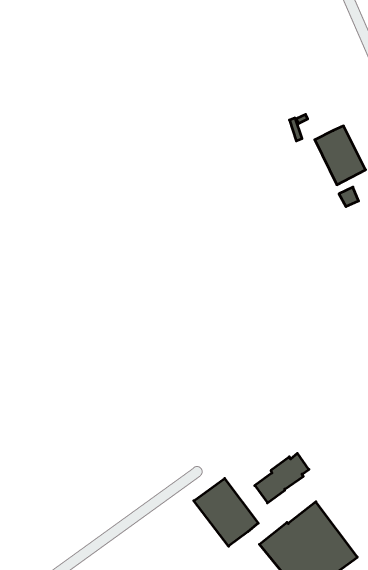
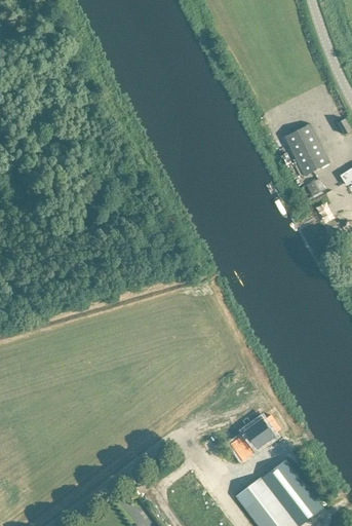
building: [194,478,258,546] -> none

